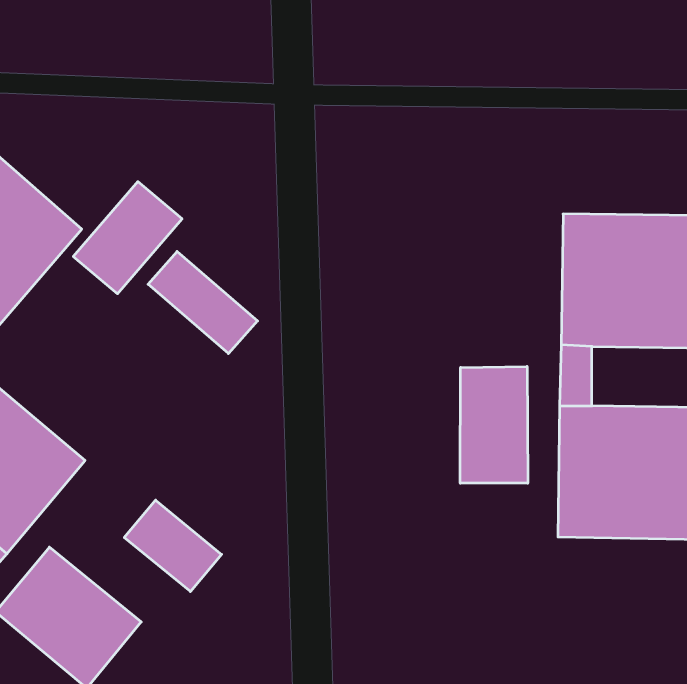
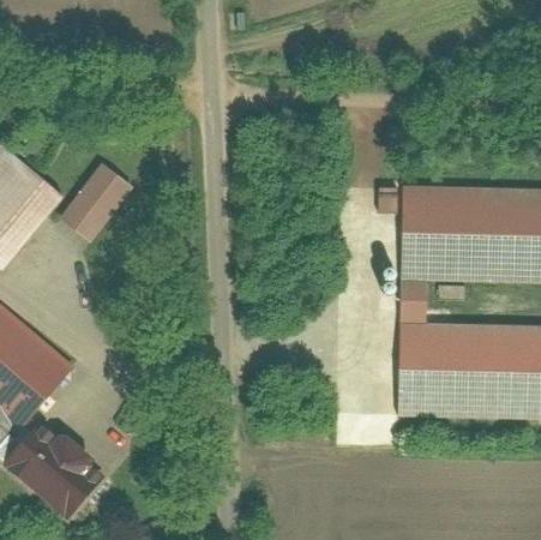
building: [148,251,258,354] -> none
building: [460,366,528,483] -> none
building: [124,500,222,592] -> none

